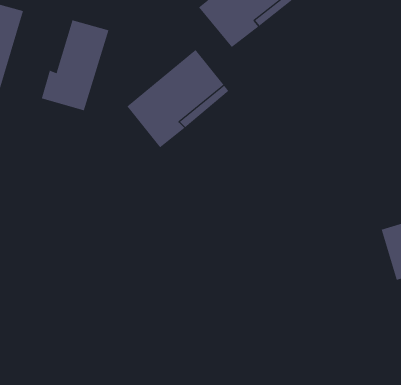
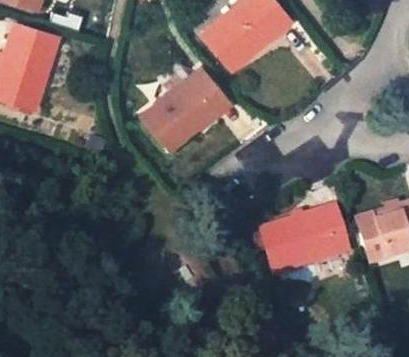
building: [41,19,109,111] -> none
building: none -> [262,207,347,271]

